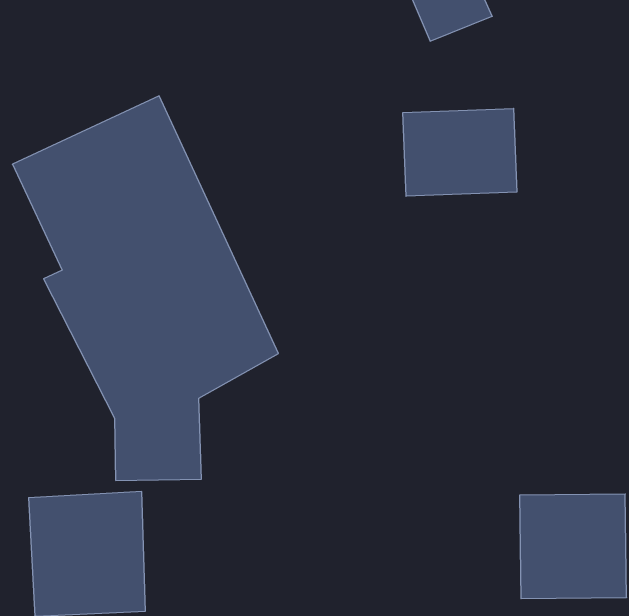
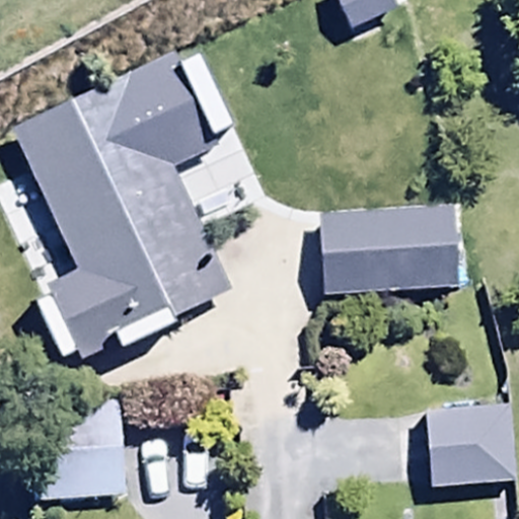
building: [403,108,517,196] -> none
building: none -> [318,202,456,294]

